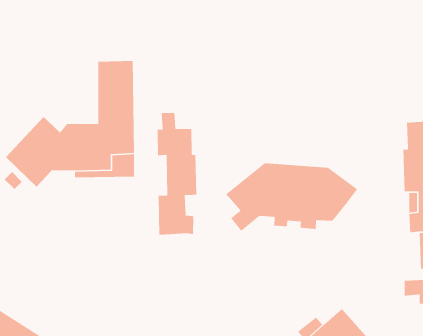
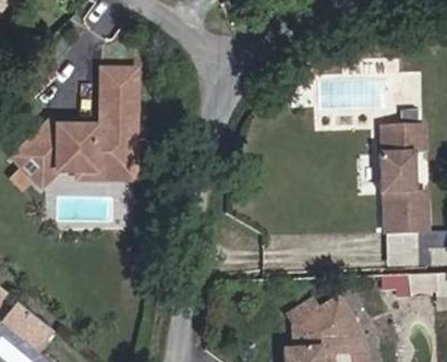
building: [157,112,197,235] -> none
building: [225,163,358,232] -> none

